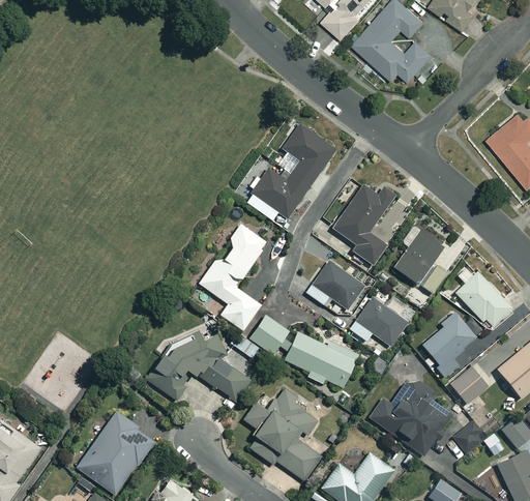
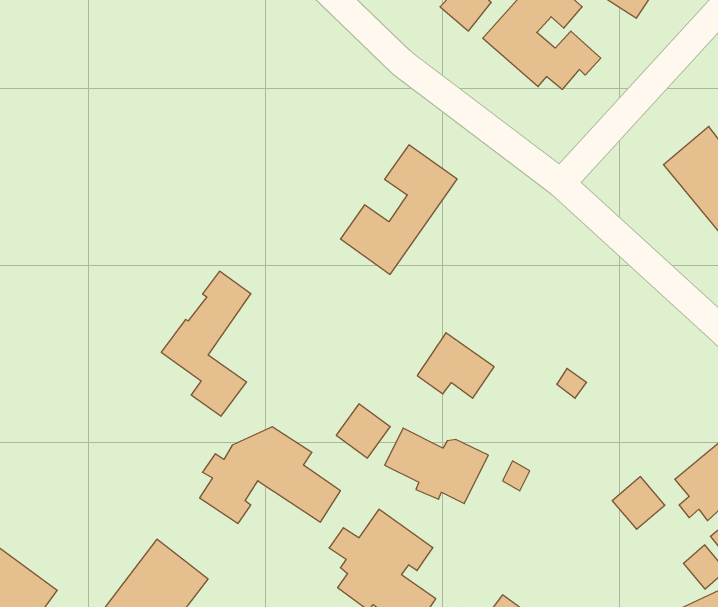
building: [332,184,394,265] -> none
building: [199,224,264,329] -> [161,271,251,416]
building: [393,226,449,295] -> none
building: [454,266,511,328] -> none
building: [350,297,408,346] -> none
building: [421,313,476,377] -> none
building: [370,380,458,455] -> none
building: [452,420,487,453] -> none

